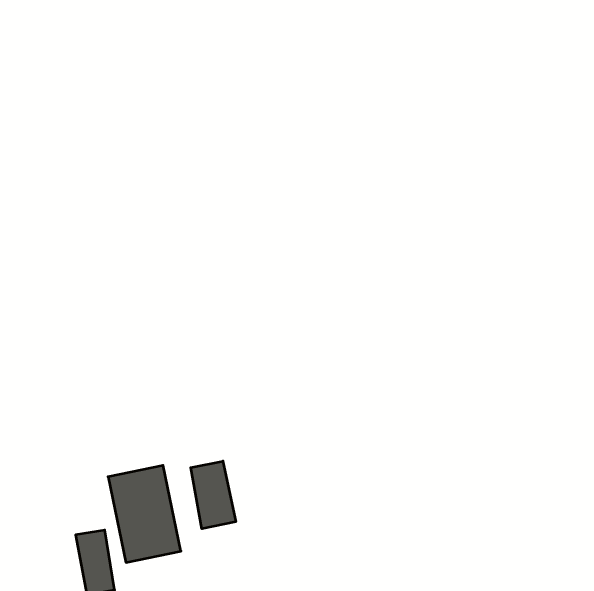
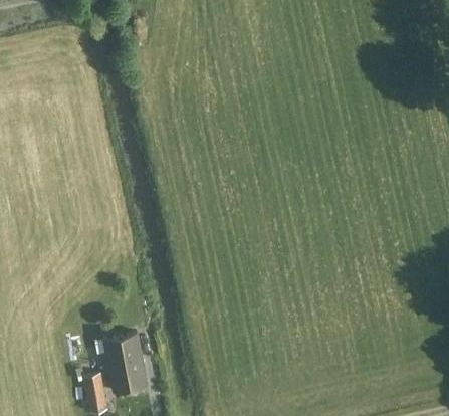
building: [191,461,236,529] -> none

